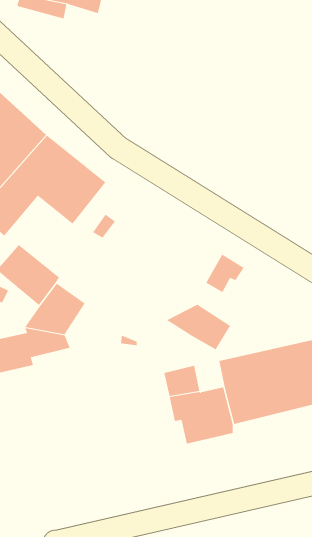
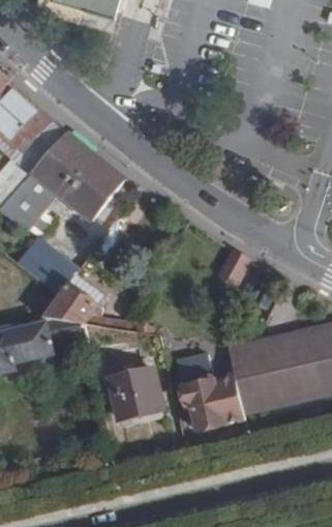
building: [166,304,231,350] -> none
building: none -> [110,370,158,418]

